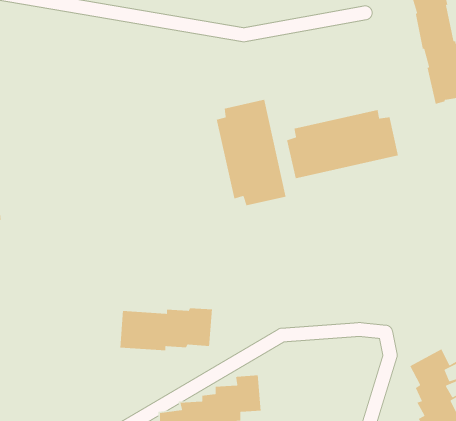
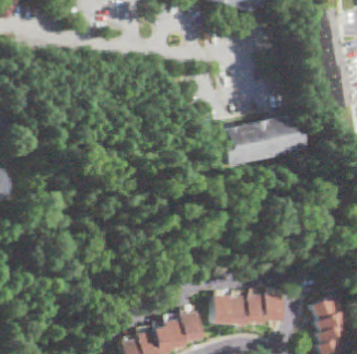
building: [216,99,287,206] -> none
building: [119,307,213,351] -> [214,293,284,326]

